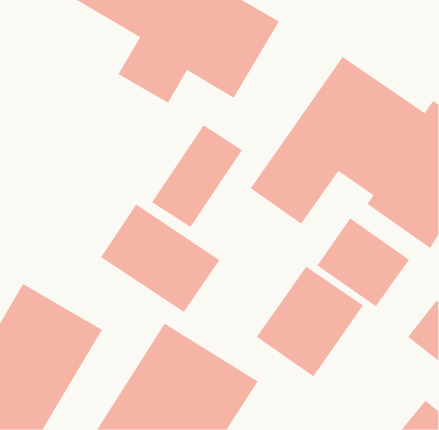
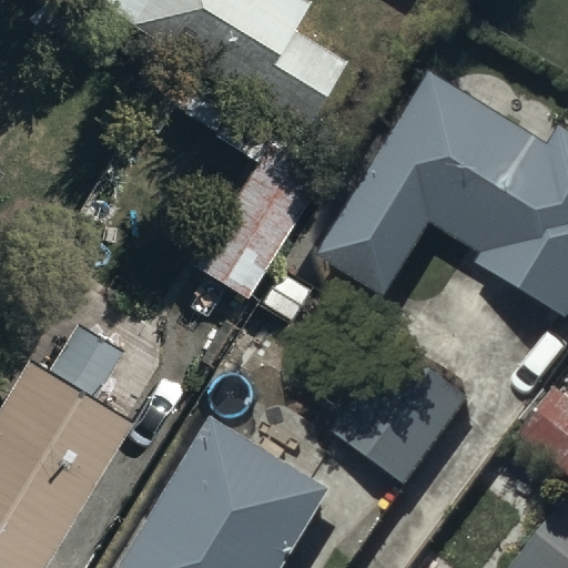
building: [100,204,220,313] -> none
building: [316,218,410,307] -> none

